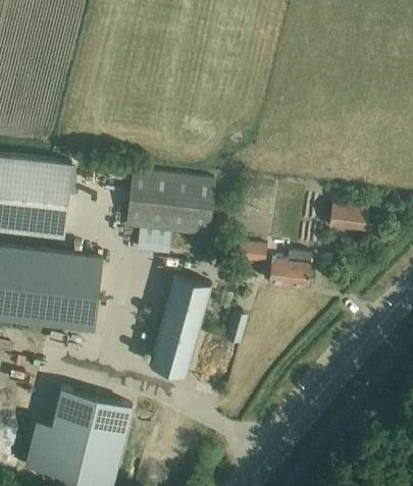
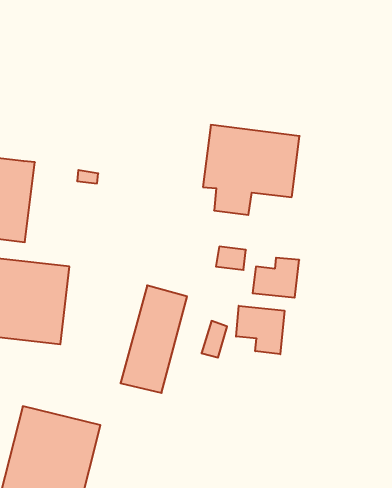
building: [126,171,215,254] -> [203,125,300,215]
building: [331,205,371,232] -> none
building: none -> [236,306,284,354]

